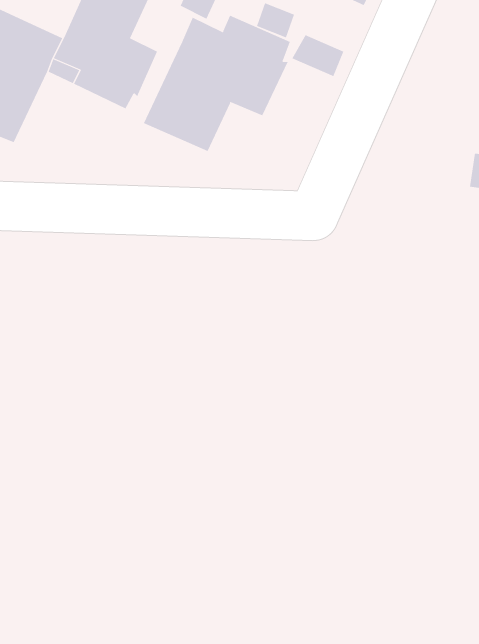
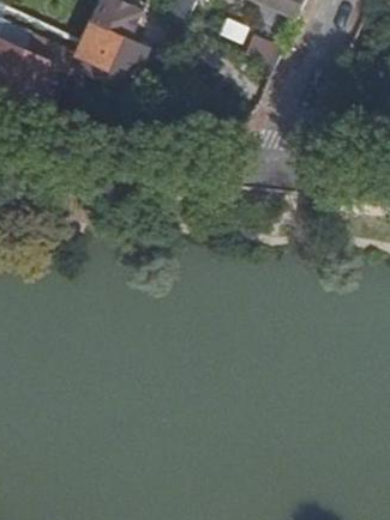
building: [143,15,291,152] -> none

